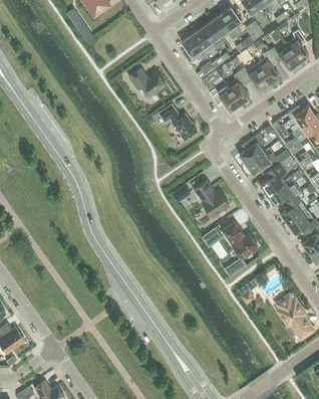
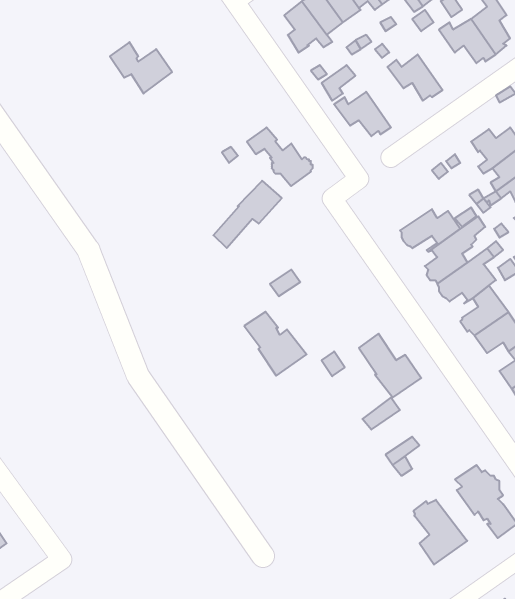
building: [256,50,279,84] -> none
building: [129,68,165,97] -> [110,42,172,94]
building: [227,71,249,106] -> none
building: [239,133,266,164] -> none
building: none -> [213,181,282,248]
building: [194,181,229,217] -> [244,312,307,376]
building: none -> [414,500,467,565]

